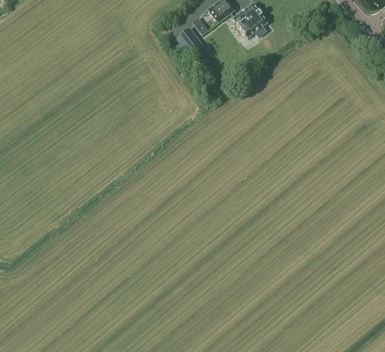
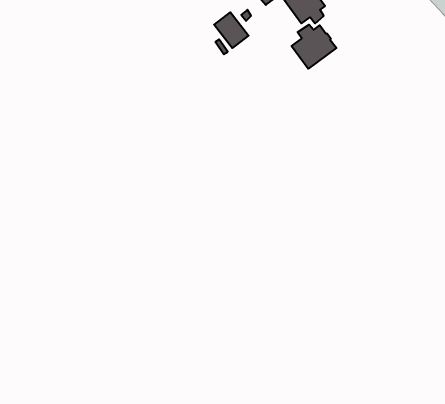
building: none -> [292,25,336,69]

